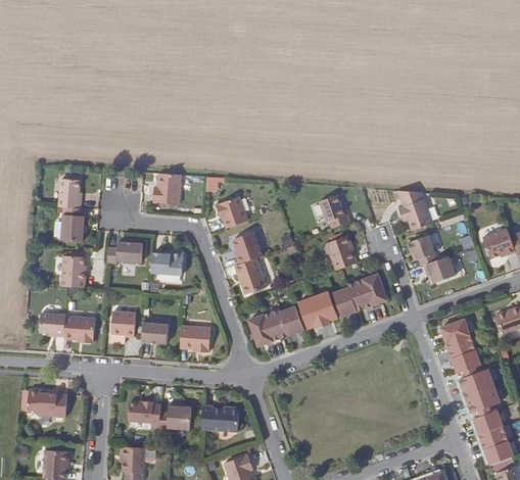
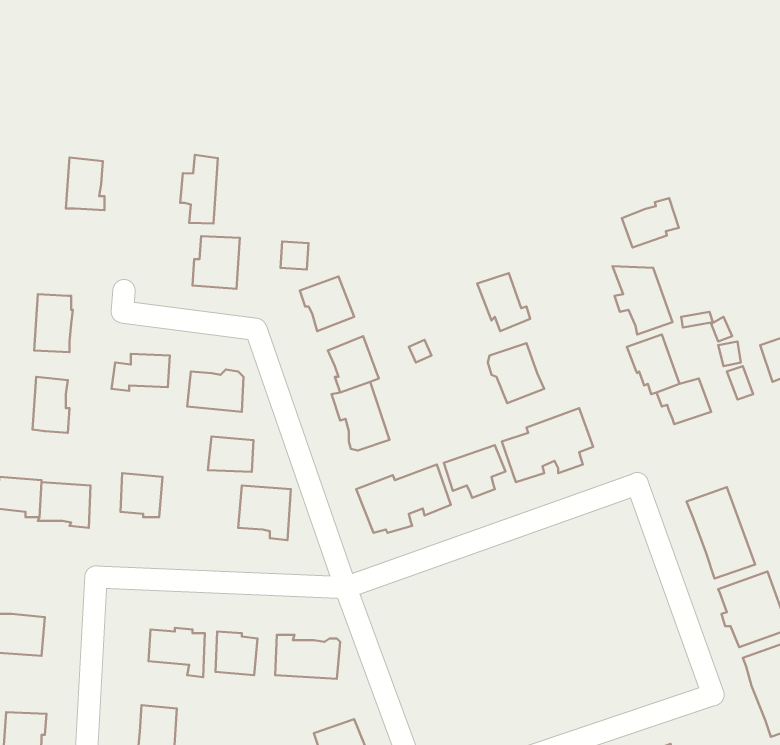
building: none -> [180,155,218,223]
building: none -> [622,198,679,248]
building: [58,178,81,208] -> [66,158,105,210]
building: [141,323,168,343] -> [208,437,254,472]

